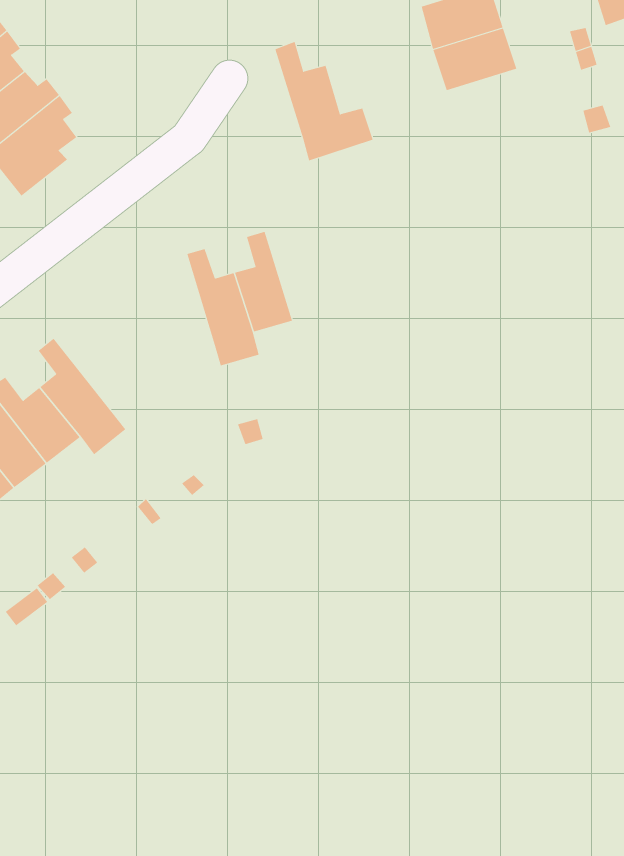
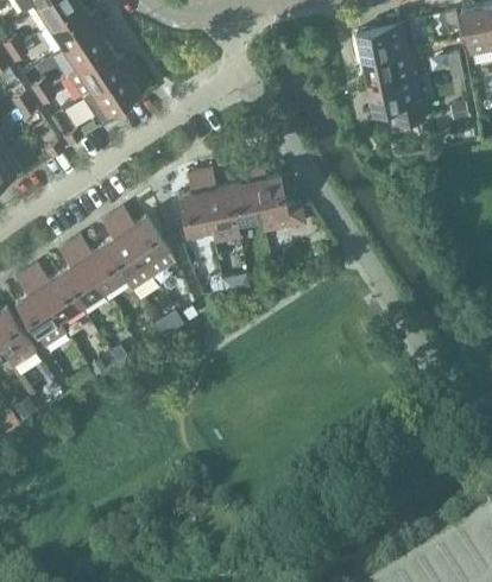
building: [275,41,374,161] -> [250,159,305,234]
building: none -> [370,77,427,129]
building: none -> [177,172,212,235]
building: none -> [113,209,175,277]

